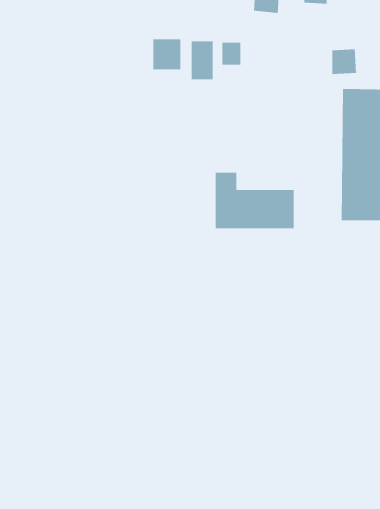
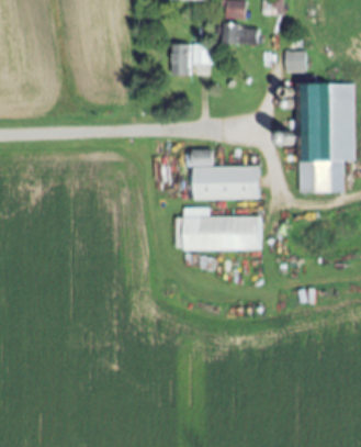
building: none -> [223,22,260,45]
building: [153,38,181,70] -> none
building: none -> [183,209,260,250]

